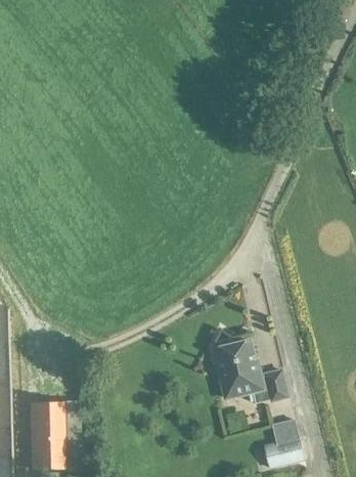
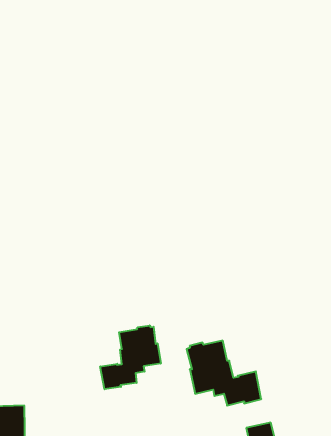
building: none -> [100,325,161,389]

